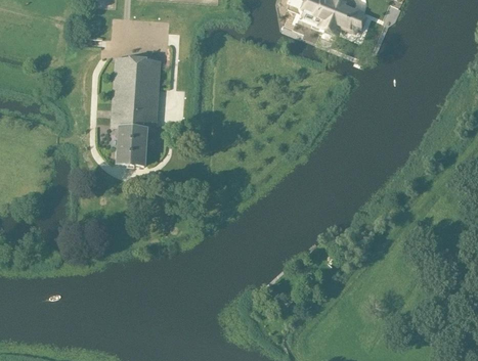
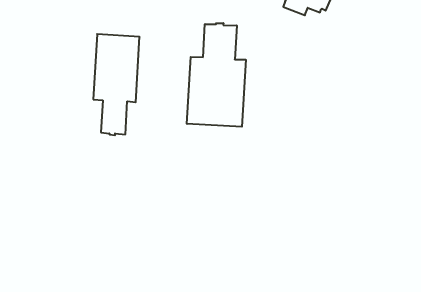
building: none -> [187,23,246,127]

